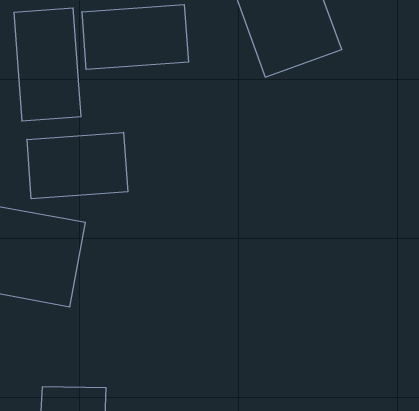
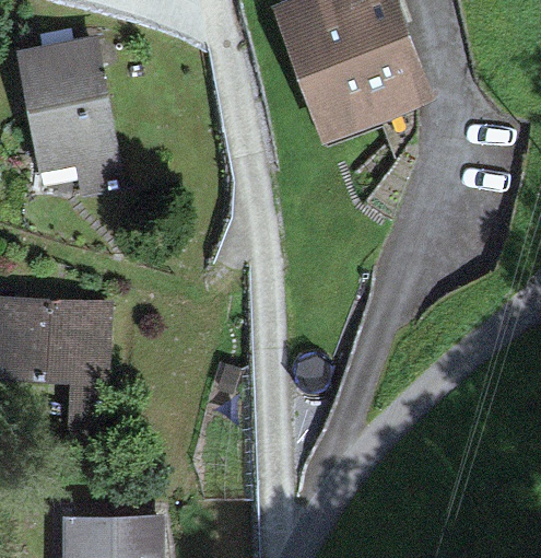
building: [82,5,188,69] -> none
building: [27,132,128,199] -> none

